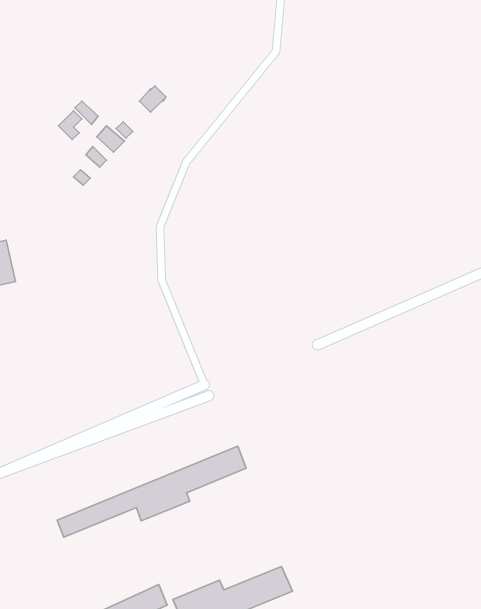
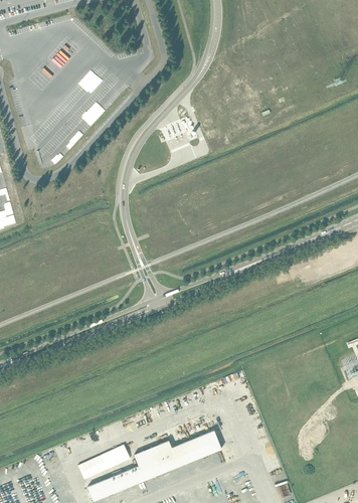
building: [57,446,246,537] -> none

